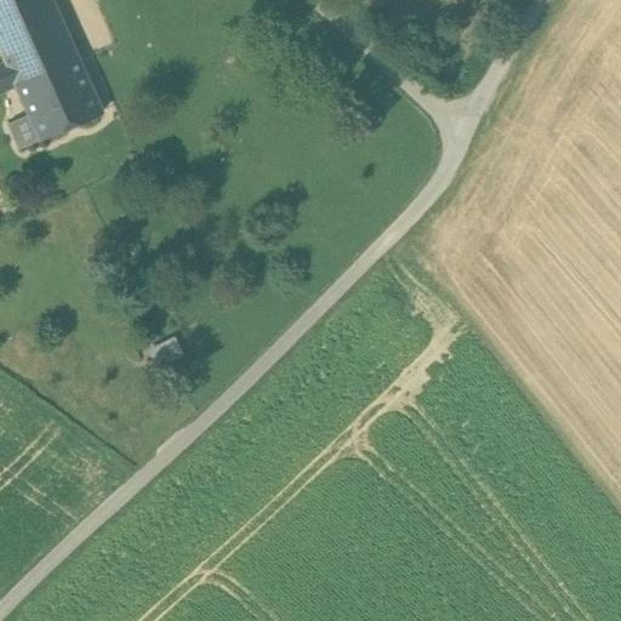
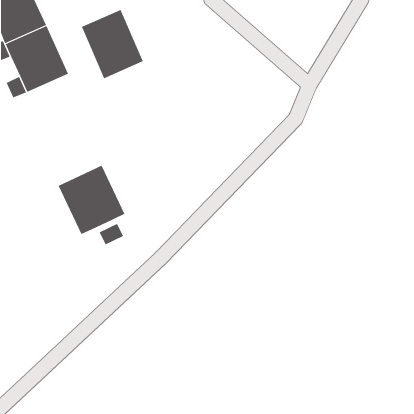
building: none -> [81,9,144,79]
building: none -> [58,165,125,235]

